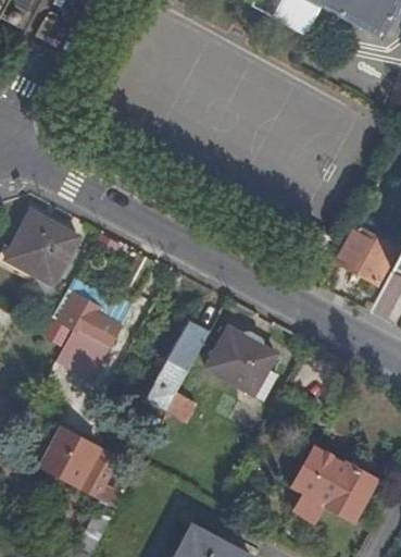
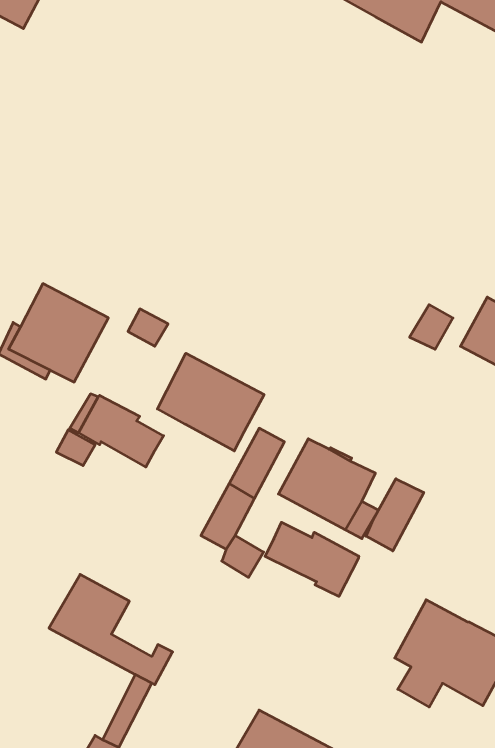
building: none -> [157,353,264,451]
building: [55,329,109,381] -> none
building: none -> [366,479,424,551]
building: none -> [265,522,359,596]

